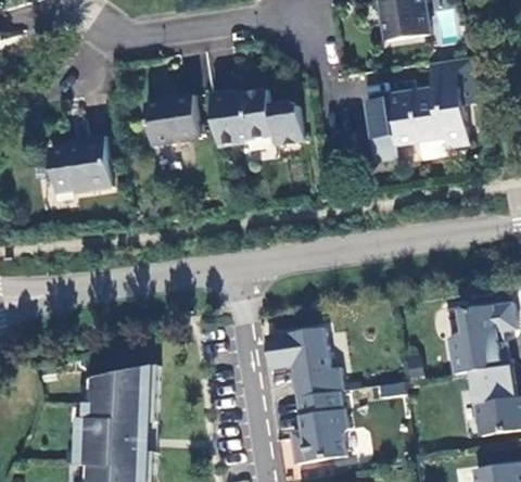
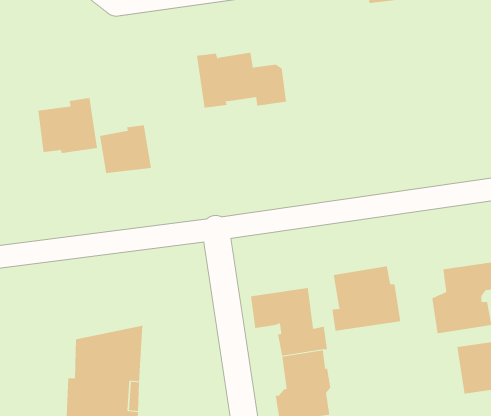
building: [367,60,481,148] -> none
building: [147,96,200,144] -> [99,125,152,173]
building: none -> [332,265,401,332]

